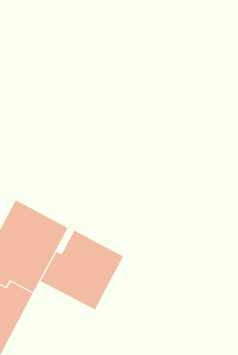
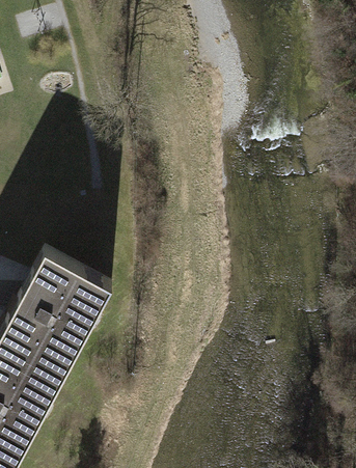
building: [40,230,124,310] -> none

